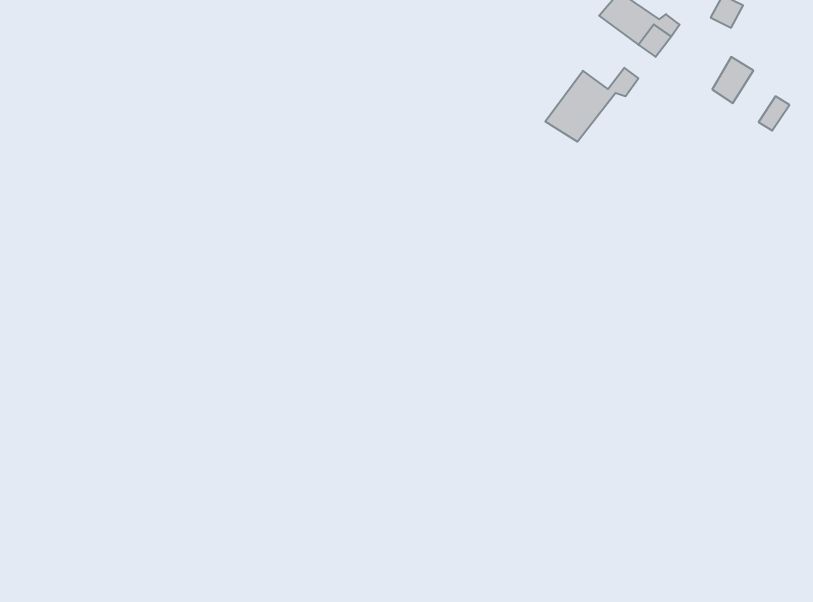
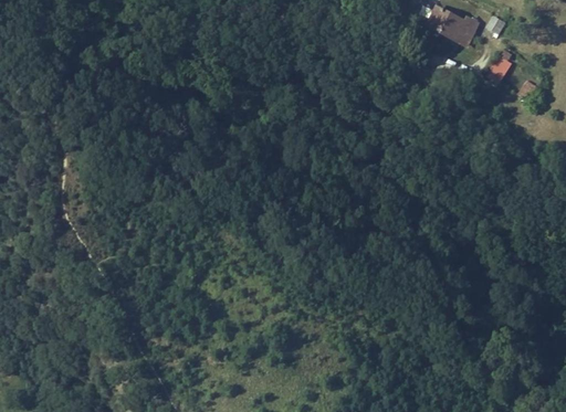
building: [545,68,638,142] -> none

